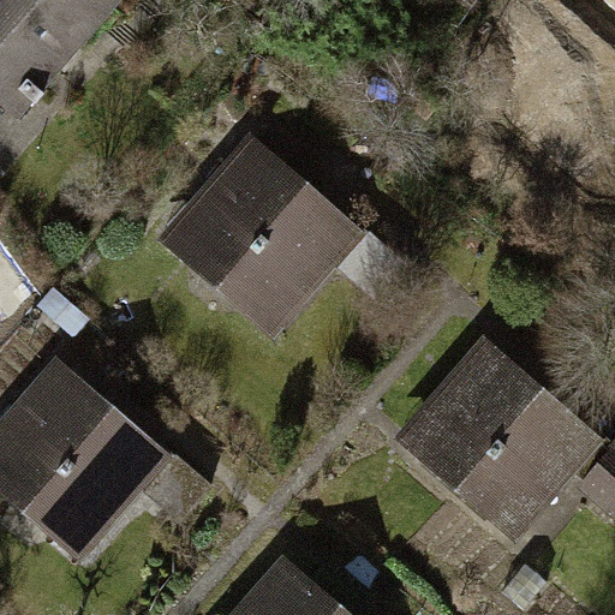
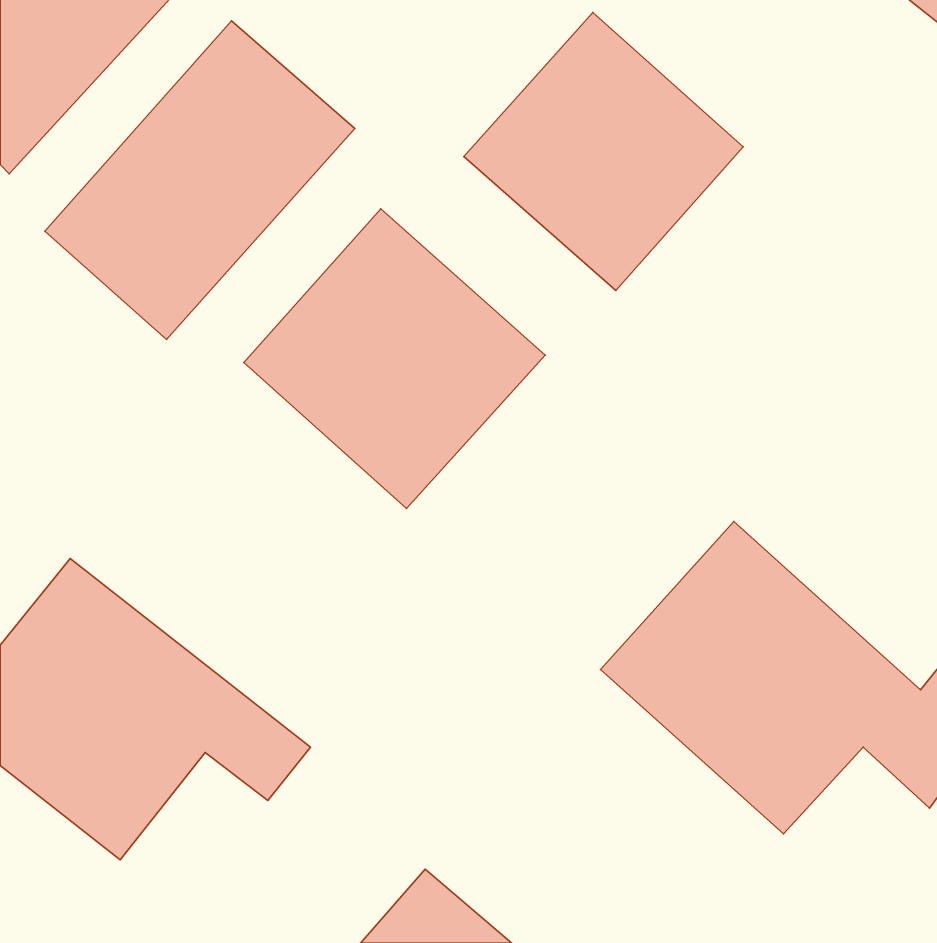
building: none -> [464,13,743,290]
building: none -> [45,21,355,339]

